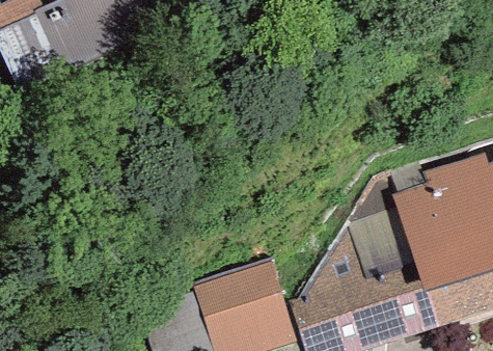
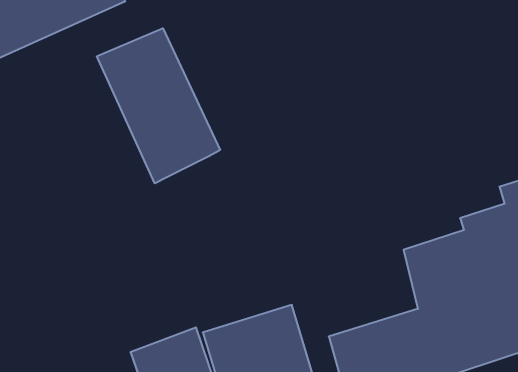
building: none -> [97,28,220,183]

